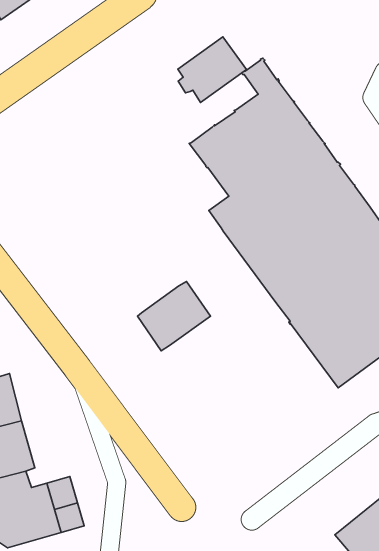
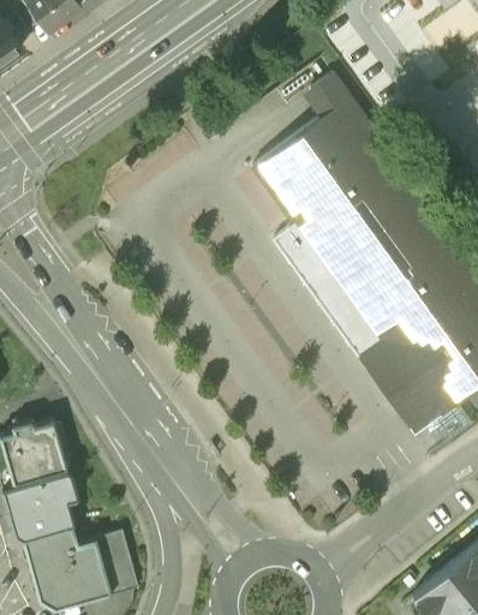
building: [178,37,246,103] -> none
building: [137,281,210,351] -> none

